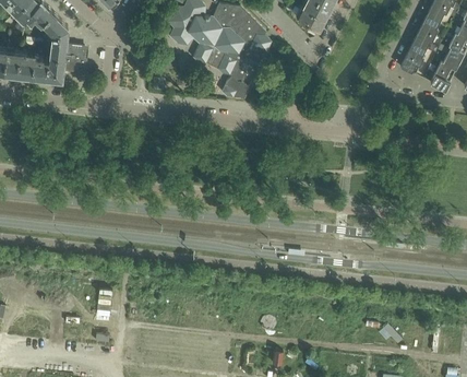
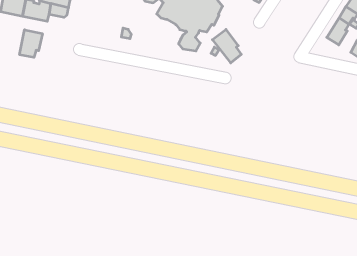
building: none -> [212,29,241,63]
building: none -> [20,30,42,57]

